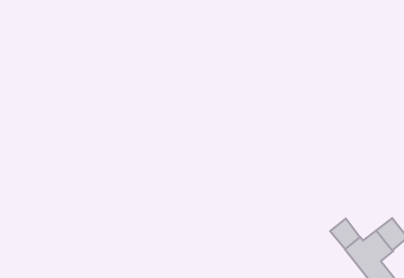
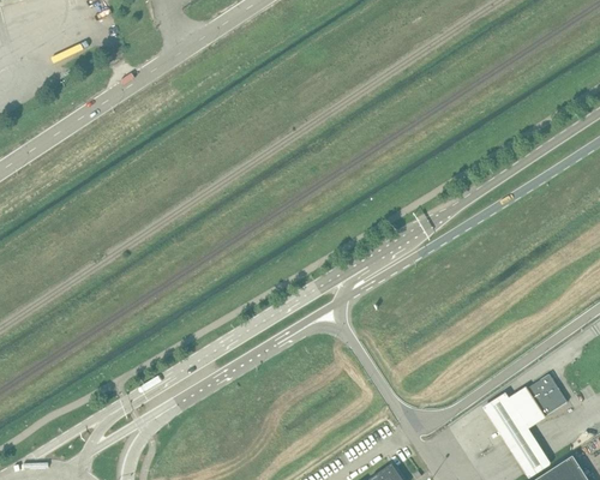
building: [330,219,360,249] -> none

